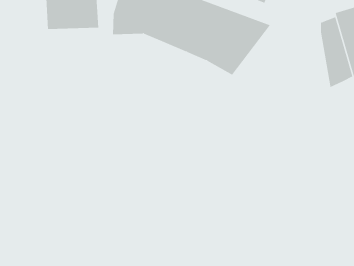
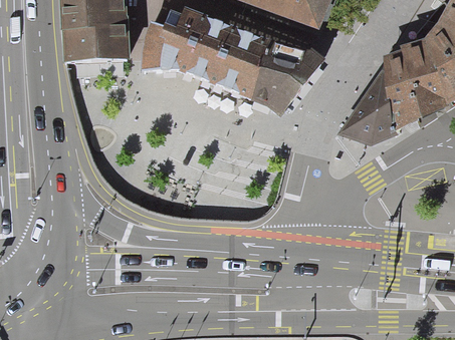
building: none -> [337,65,394,143]

